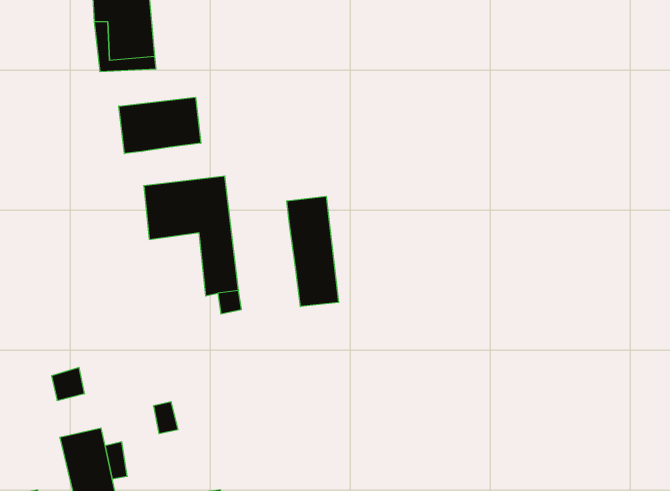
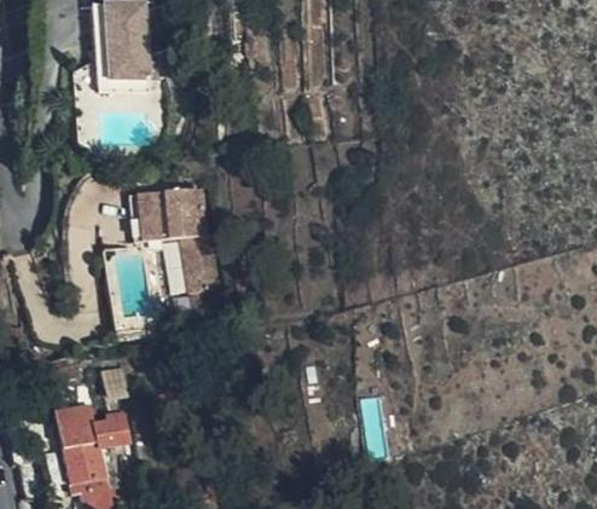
building: [119,97,201,154] -> none
building: [287,196,339,307] -> none

